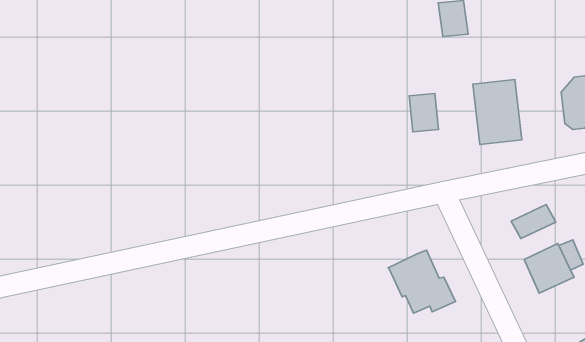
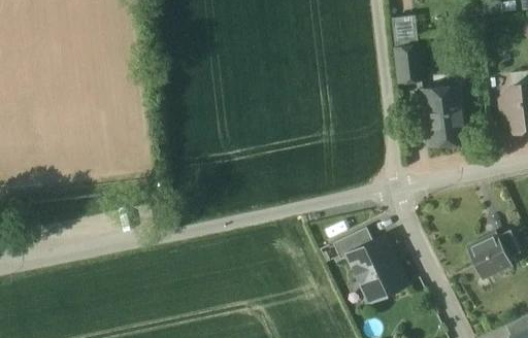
building: [409,93,438,132] -> [395,47,421,81]
building: [511,205,556,238] -> none
building: none -> [332,228,372,260]

